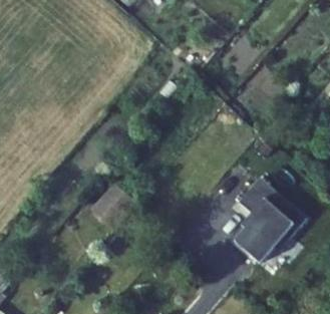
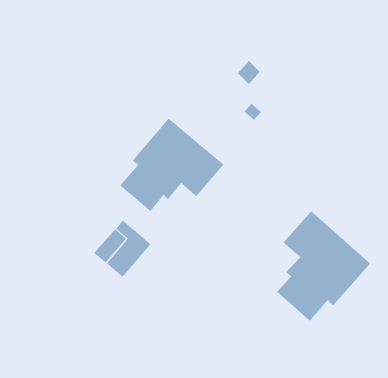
building: none -> [119,118,224,212]

